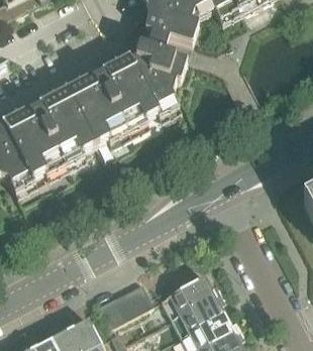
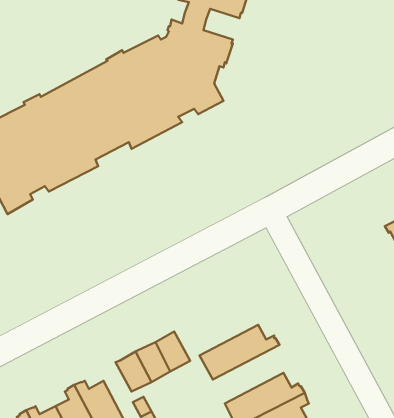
building: [170,290,223,335] -> none

